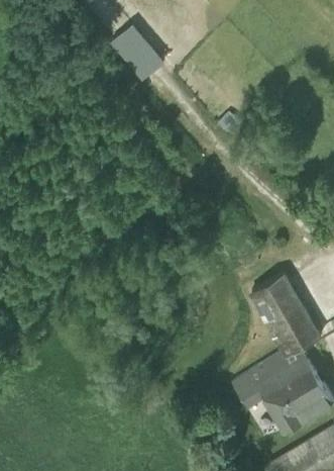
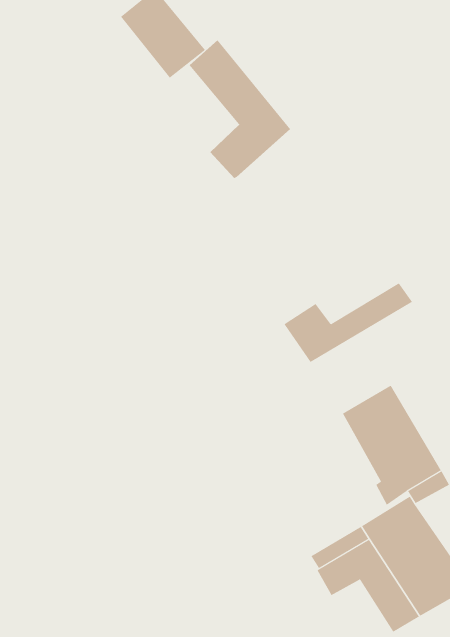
building: none -> [189,40,291,179]
building: none -> [284,282,413,363]

